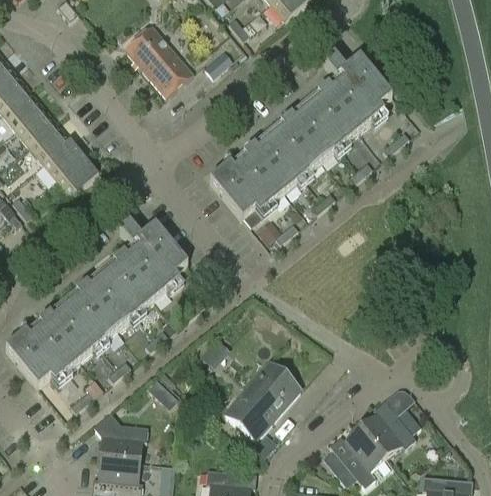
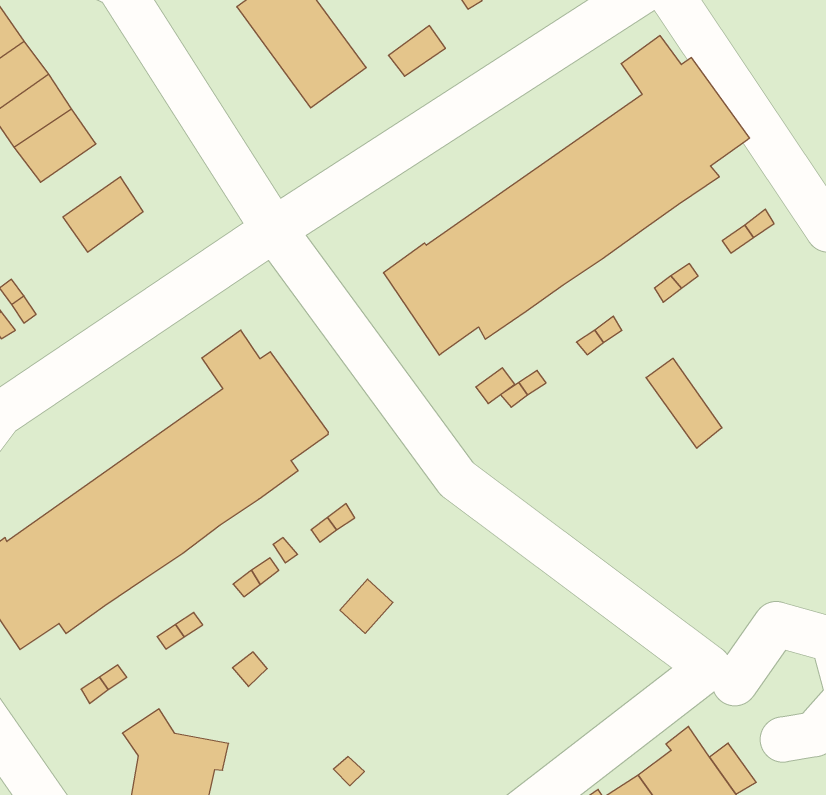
building: [29,124,70,163] -> none
building: [56,157,98,197] -> none
building: none -> [646,358,722,448]
building: [224,362,300,440] -> none

